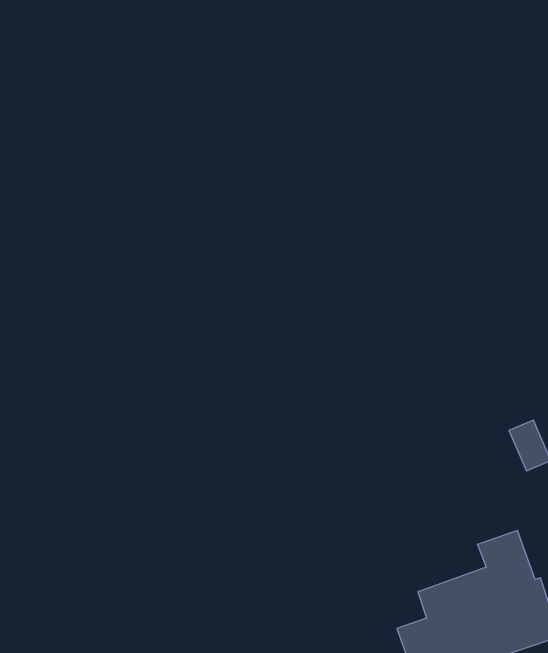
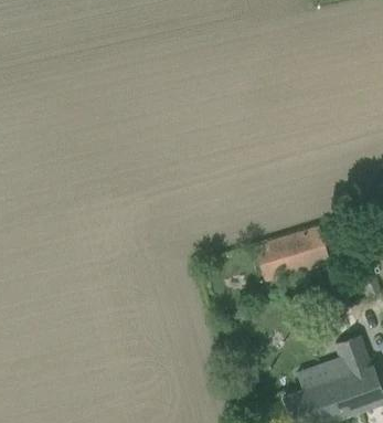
building: none -> [254,228,330,285]

